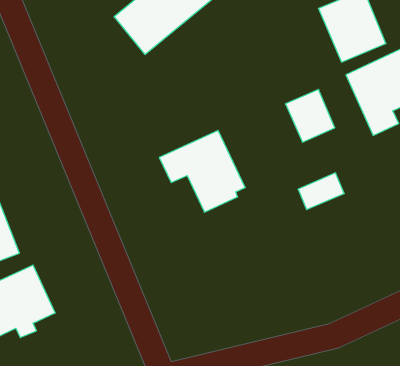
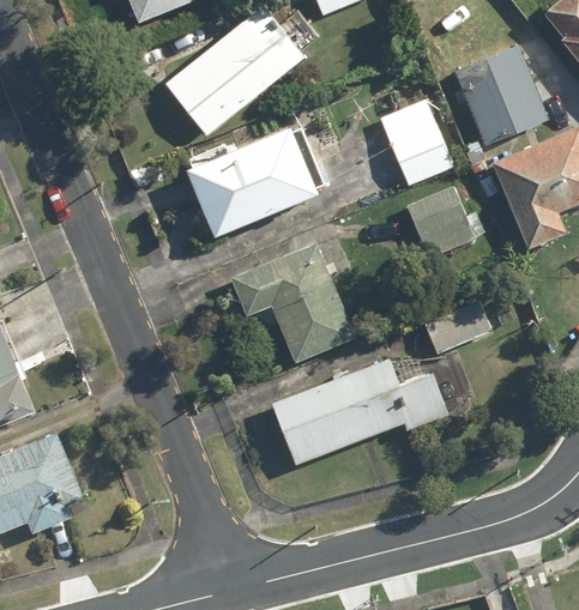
building: none -> [381,99,454,188]
building: none -> [187,126,316,236]
building: none -> [273,360,445,463]

